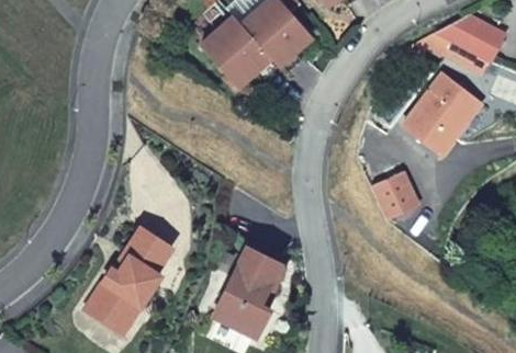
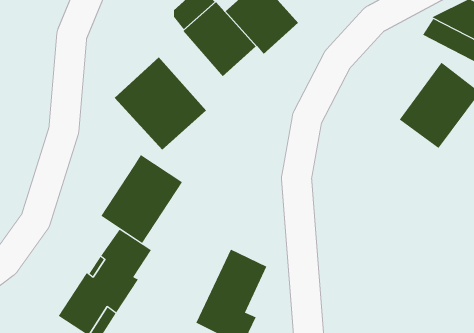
building: none -> [114,56,207,151]
building: none -> [100,154,183,244]
building: [371,173,416,218] -> none

